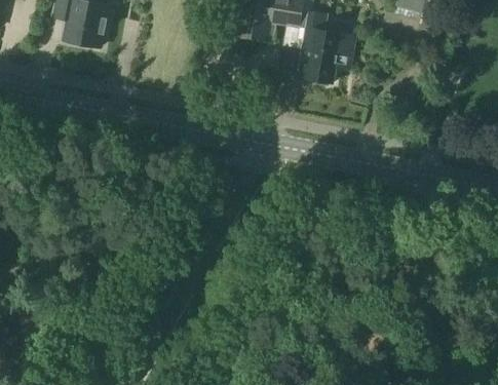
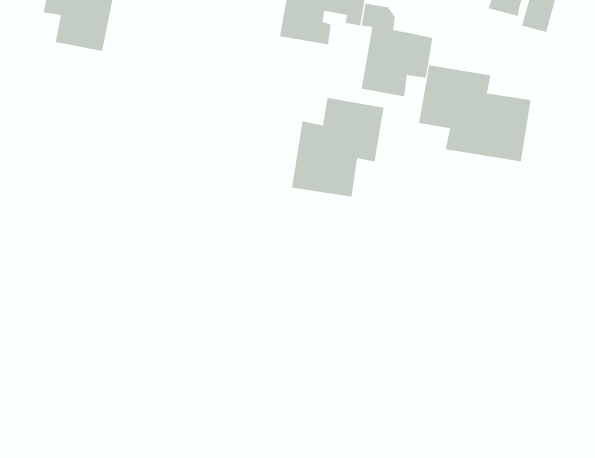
building: none -> [419,64,531,162]
building: none -> [291,97,384,198]

